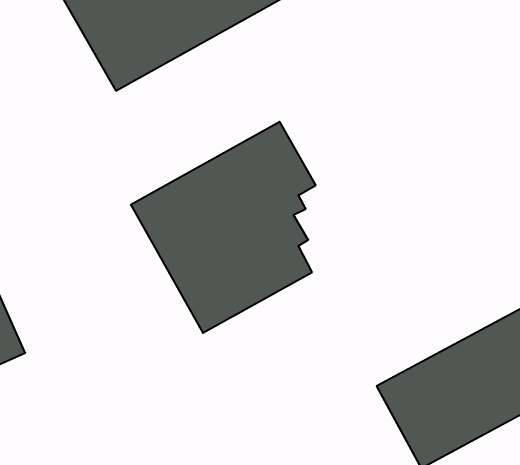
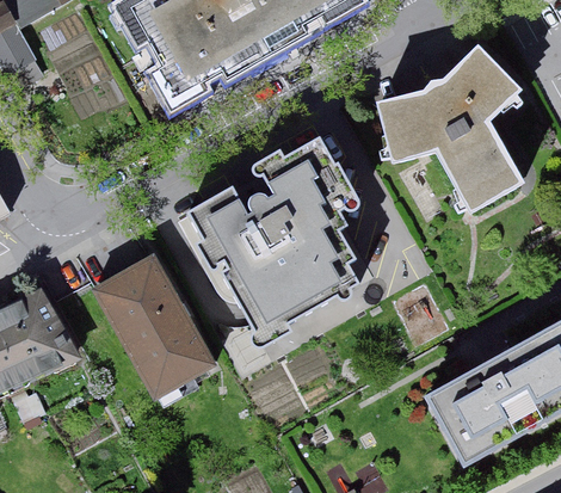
building: none -> [382,51,524,211]
building: none -> [92,251,217,400]

